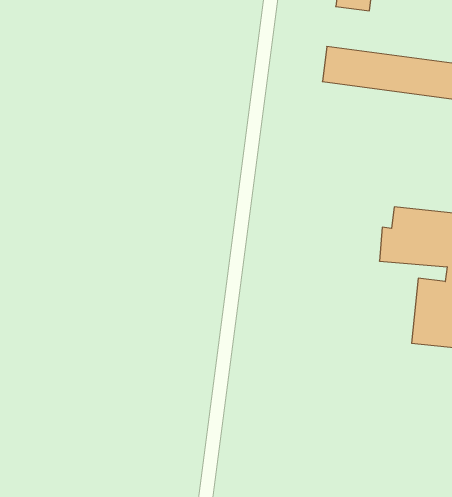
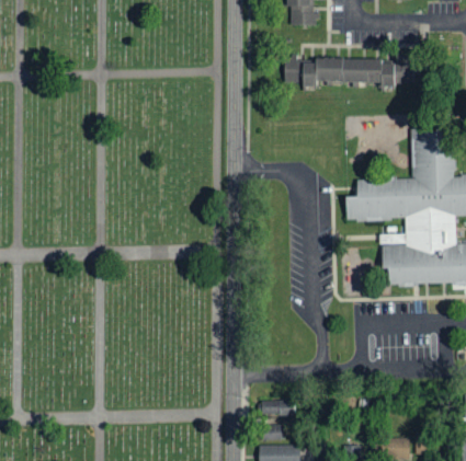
building: none -> [263,402,294,417]

